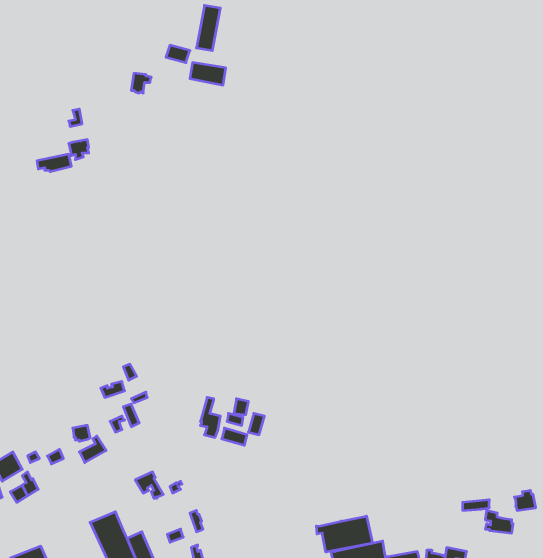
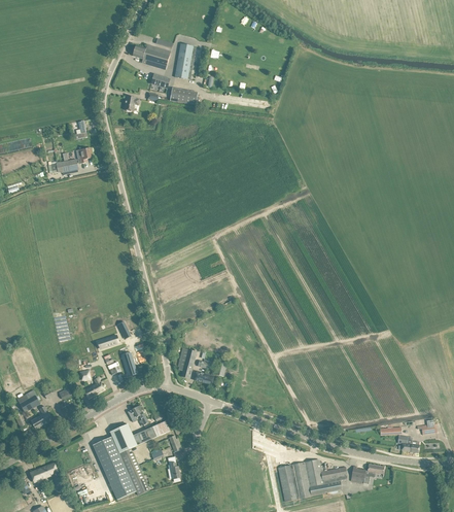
building: none -> [132,44,170,69]
building: none -> [109,420,170,452]
building: [316,516,373,552] -> none

